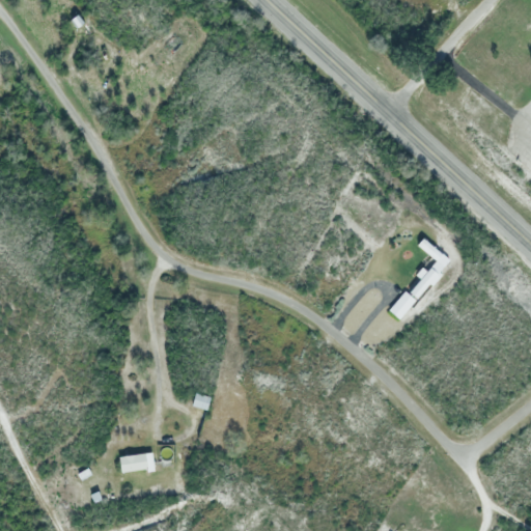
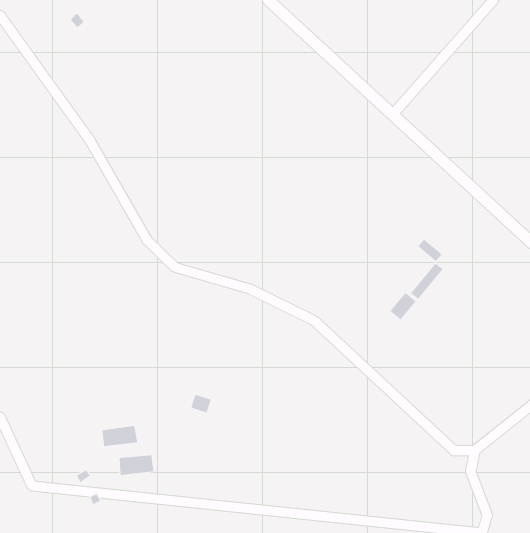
building: none -> [102,425,138,447]

